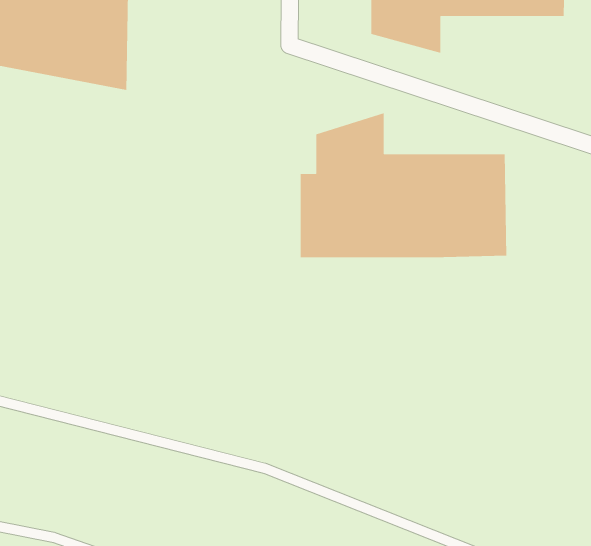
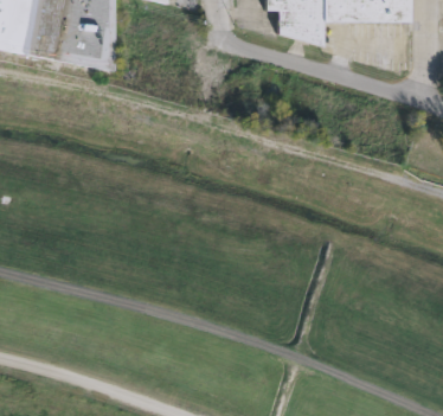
building: [300,112,507,258] -> none

